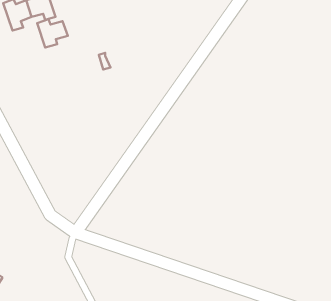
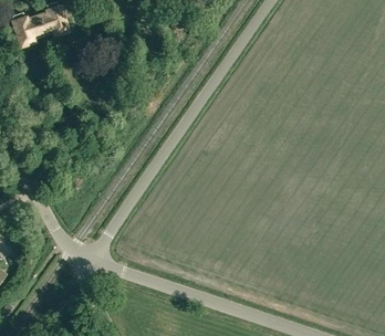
building: [37,19,68,48] -> none

